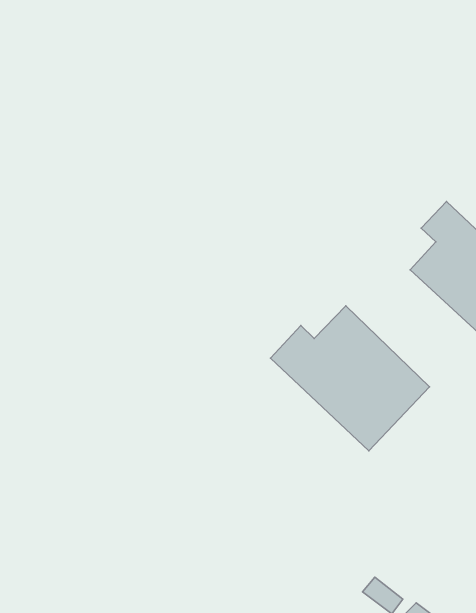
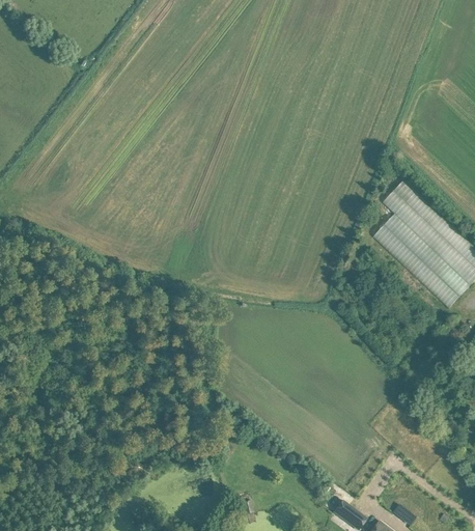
building: [270,306,429,451] -> none

